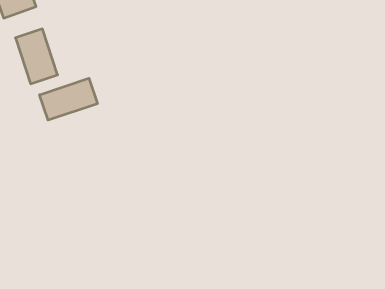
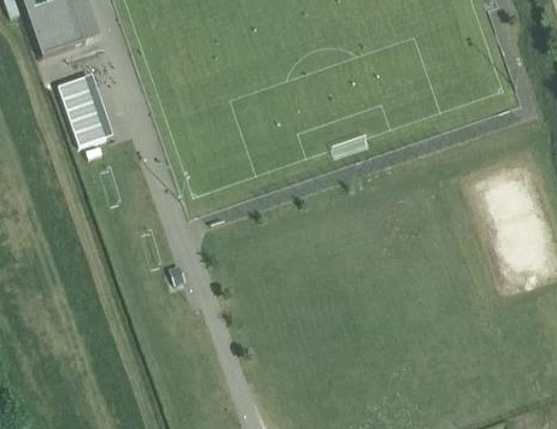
building: [40,78,97,120] -> none

